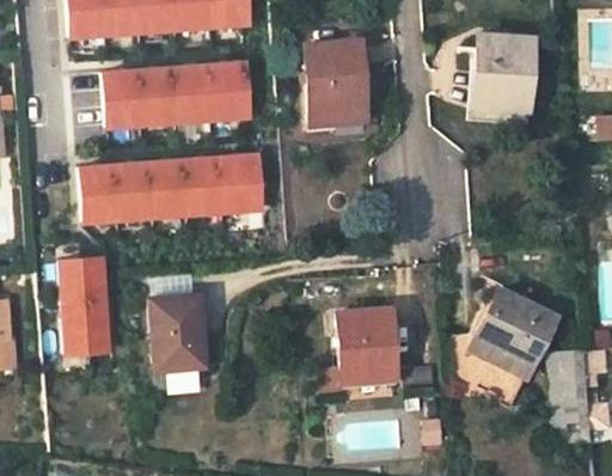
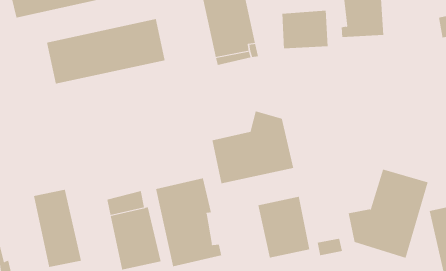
building: none -> [282,10,328,49]
building: [80,155,262,221] -> none
building: none -> [212,110,294,184]
building: none -> [155,177,222,267]

